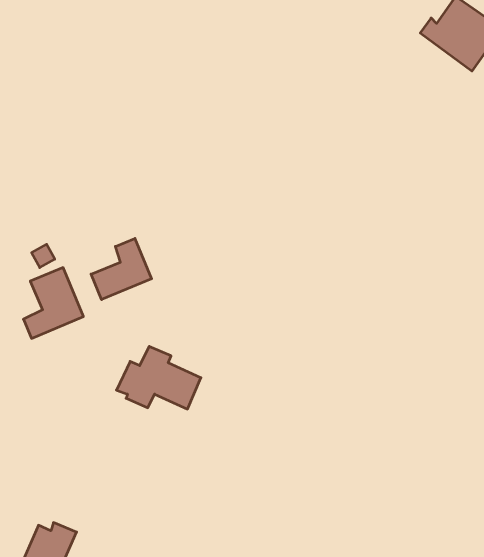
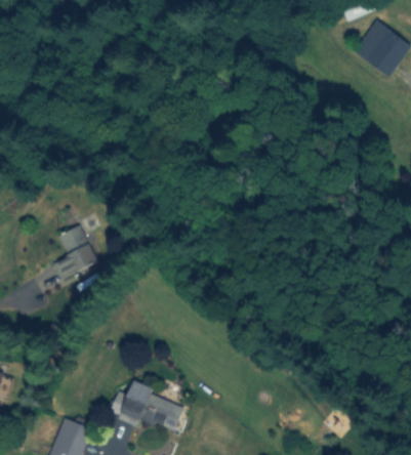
building: [91,238,152,300] -> none
building: [116,346,201,409] -> [109,381,172,428]

